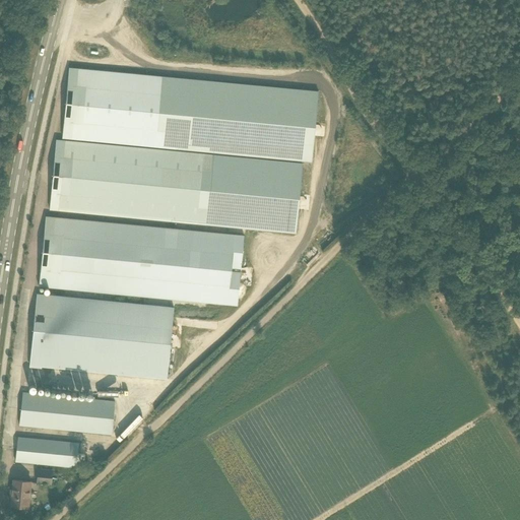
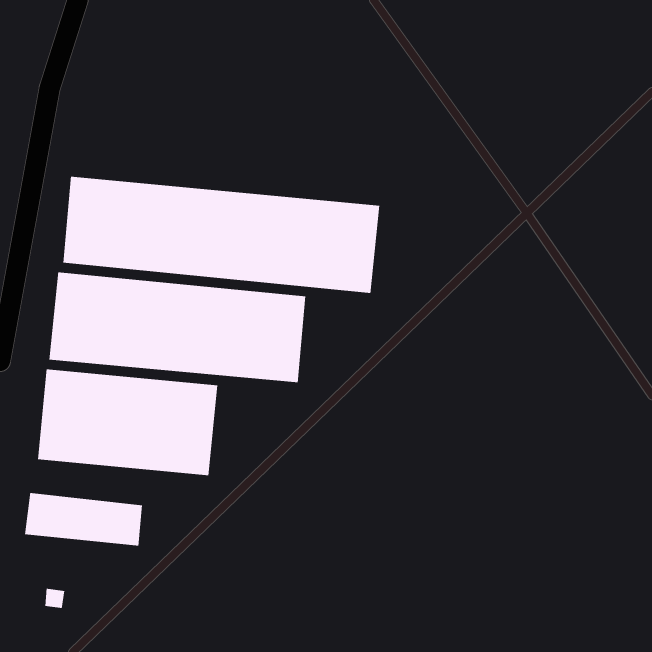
building: [62,68,318,161] -> none
building: [15,438,78,468] -> none
building: [11,479,30,508] -> none

